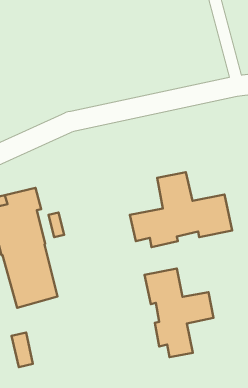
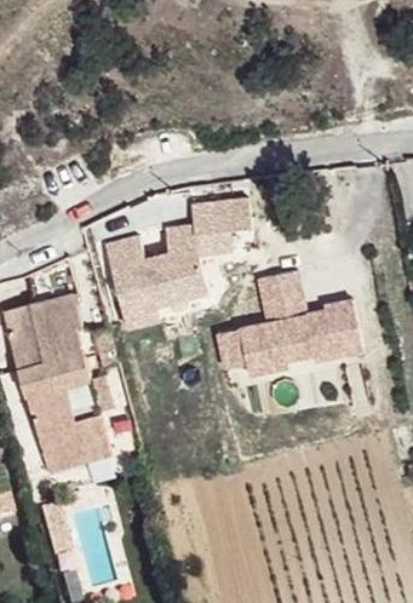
building: none -> [101,199,248,329]
building: [145,268,214,357] -> none

